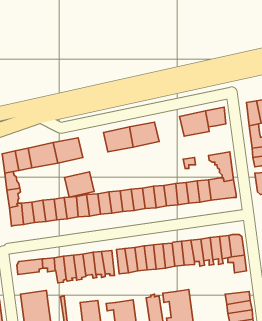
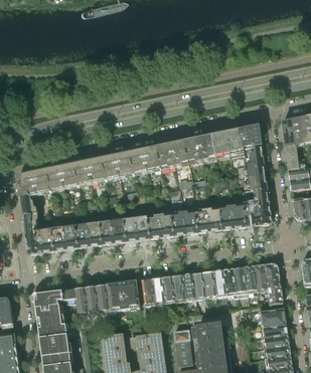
building: none -> [182,135,214,162]
building: none -> [240,143,264,177]
building: [65,172,94,197] -> [100,152,132,179]
building: none -> [34,303,64,327]
building: none -> [258,307,285,327]

